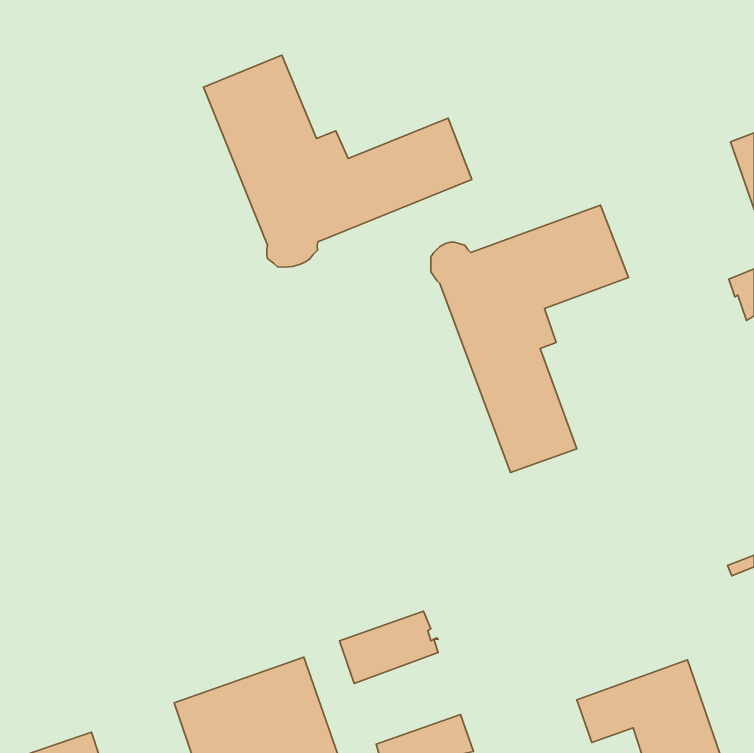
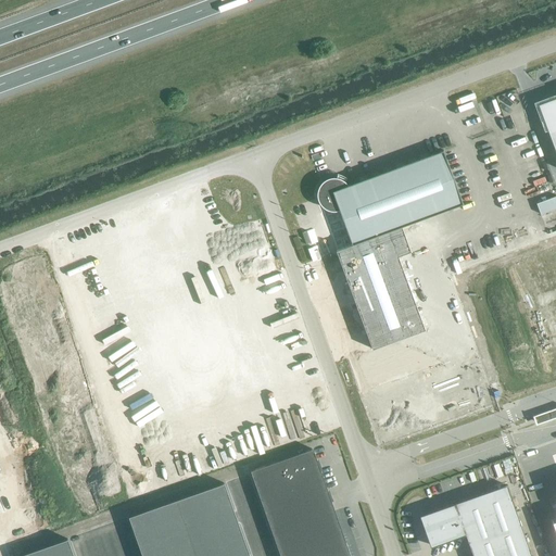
building: [203,55,472,267] -> none
building: none -> [261,481,339,548]

